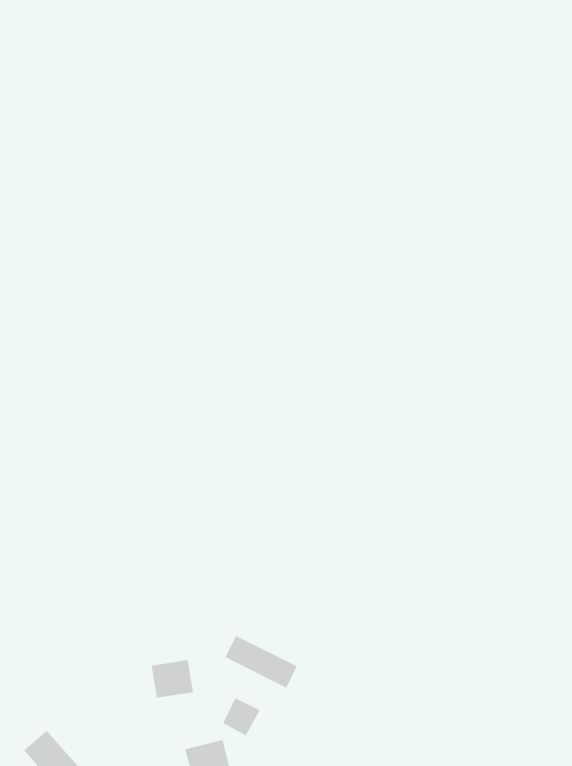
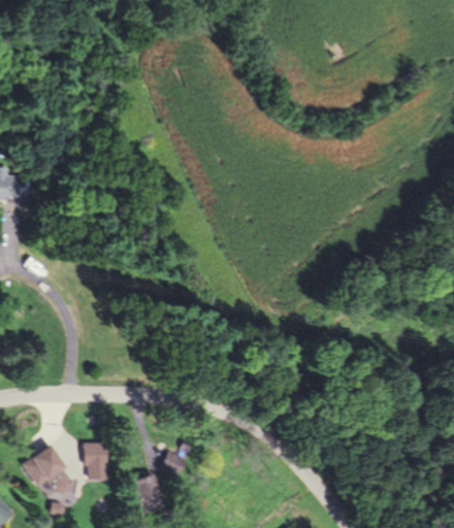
building: [225,635,297,689] -> none
building: [151,660,194,698] -> [85,446,108,466]

